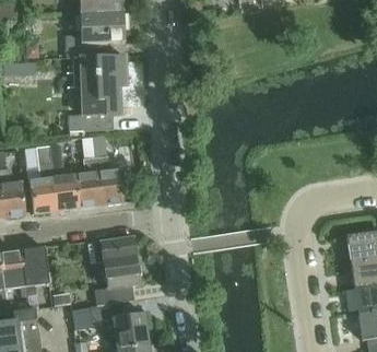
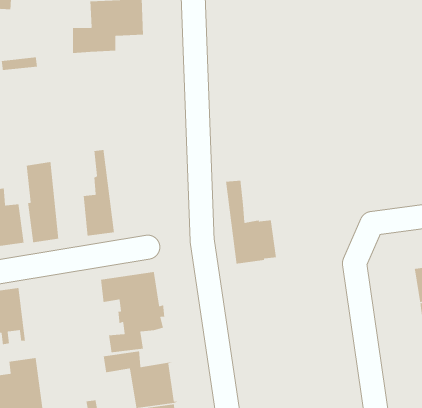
building: [68,52,126,130] -> none
building: [91,134,133,204] -> [225,180,277,265]
building: [47,144,76,210] -> none
building: [21,246,47,294] -> none

